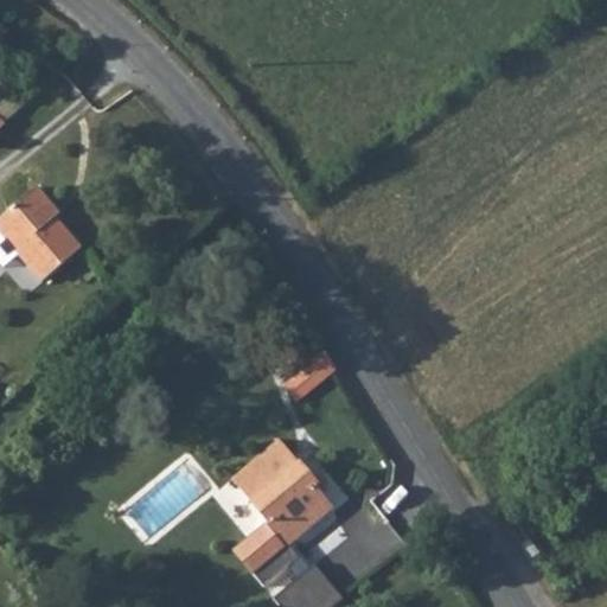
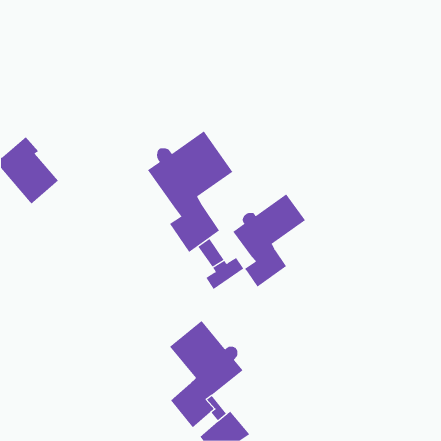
building: none -> [147,130,233,253]
building: none -> [232,194,306,287]

